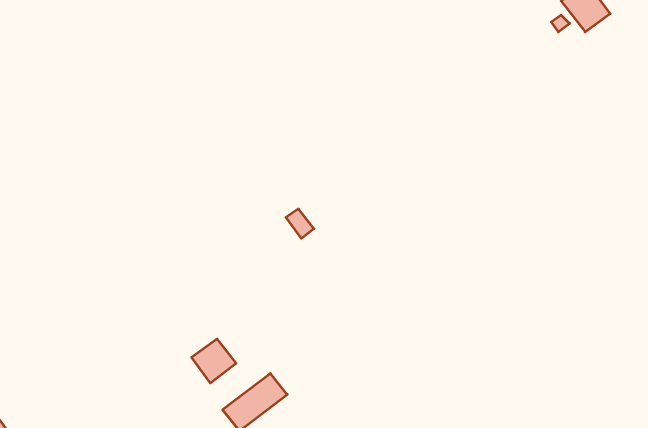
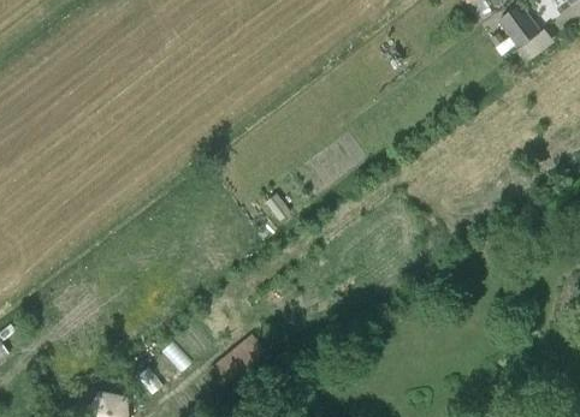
building: [192,339,236,383] -> none

